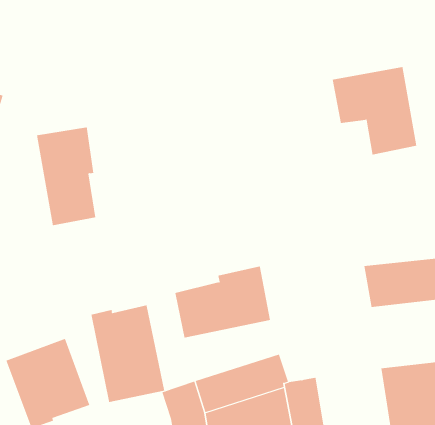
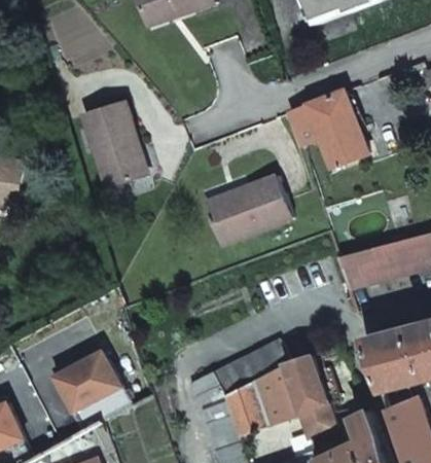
building: [36,127,96,226] -> [80,99,140,184]
building: [174,266,271,338] -> [209,172,291,241]
building: [91,304,165,403] -> none

